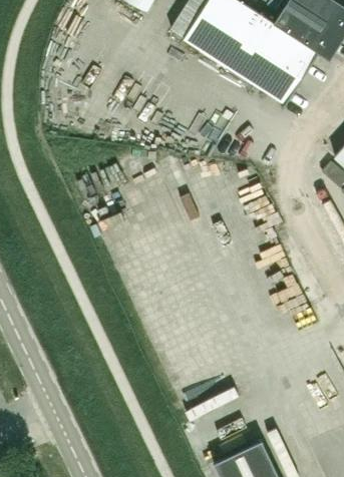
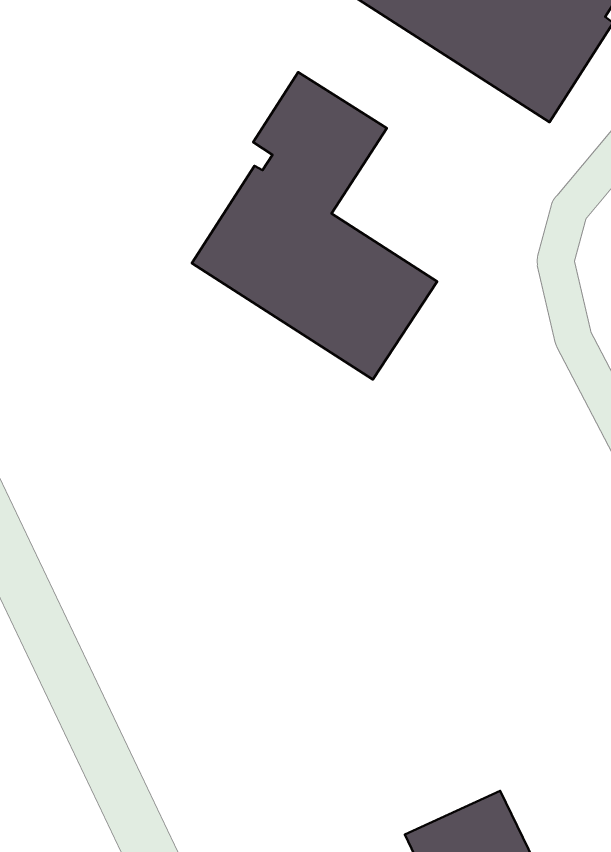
building: none -> [192,72,437,379]

